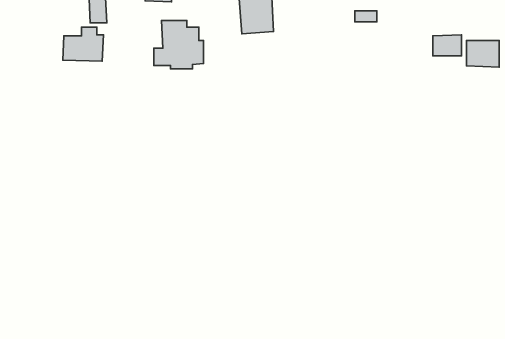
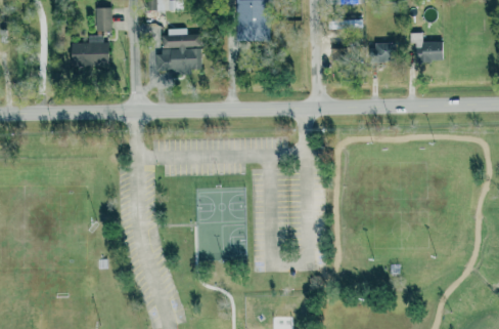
building: none -> [372,42,394,61]
building: [466,40,499,67] -> none

